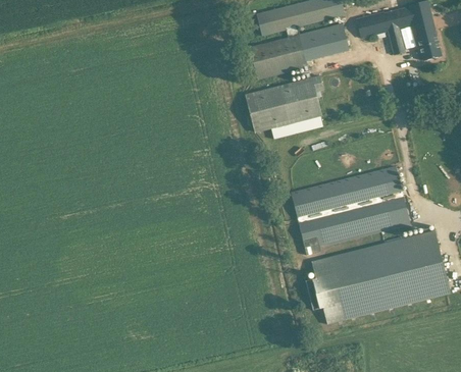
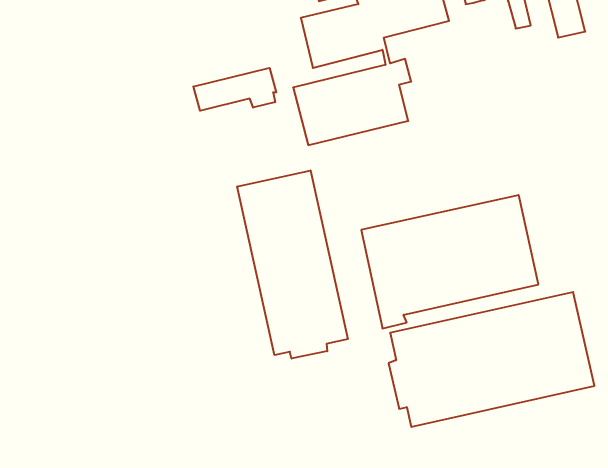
building: none -> [193,68,276,111]
building: none -> [237,170,348,359]

